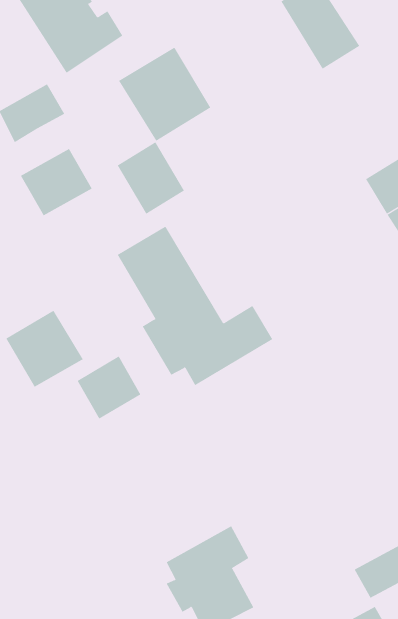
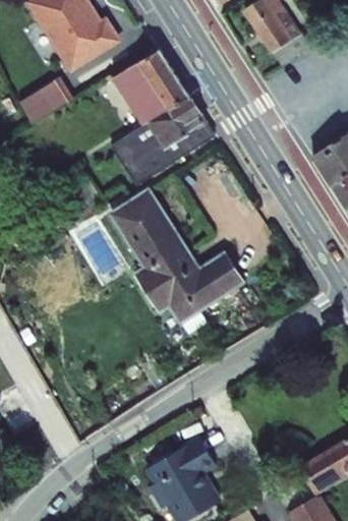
building: none -> [144,96,214,163]
building: [20,148,92,216] -> none
building: [5,310,83,388] -> none
building: [77,356,141,420] -> none

